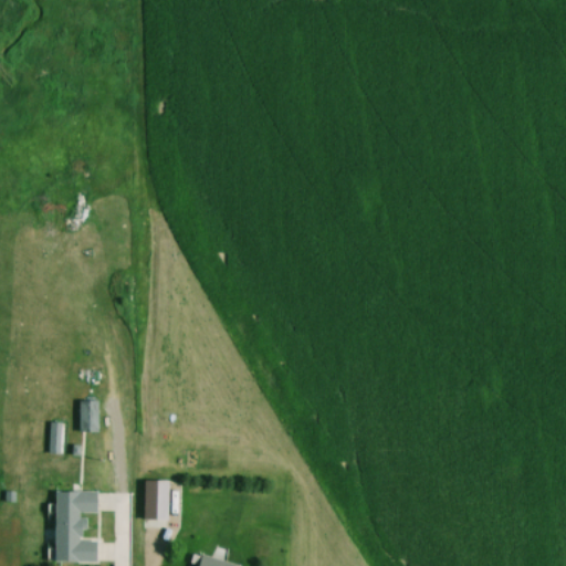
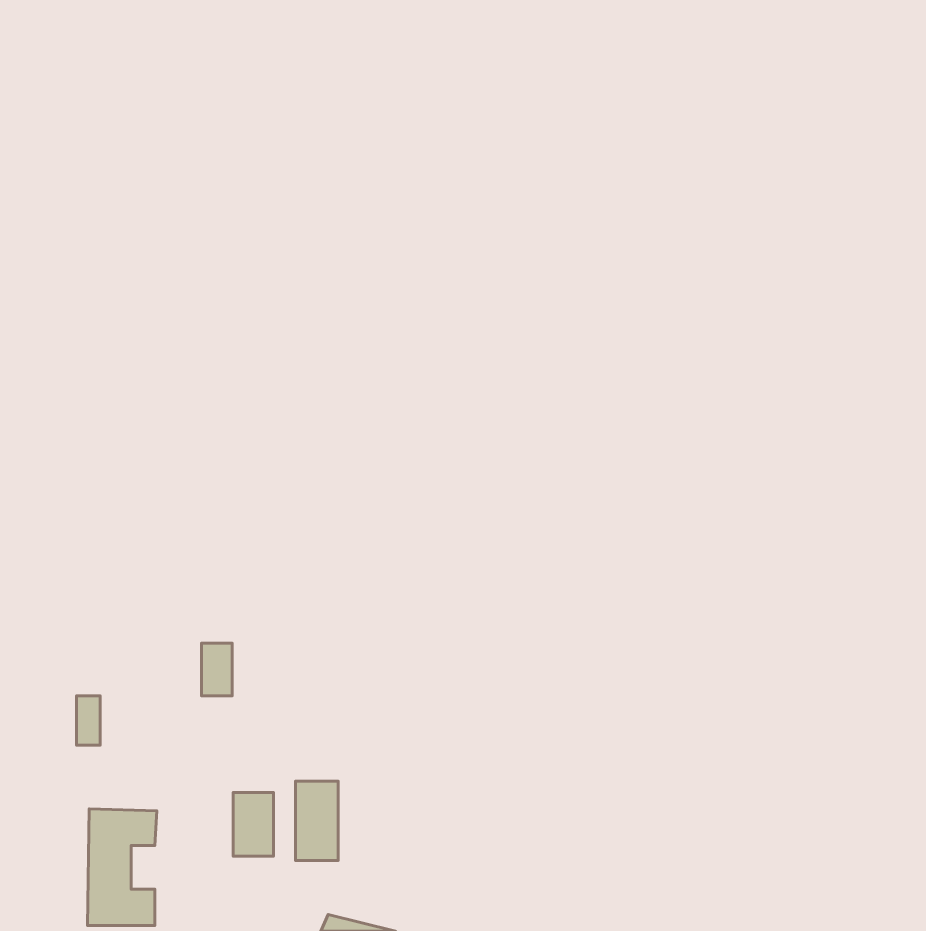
building: [81,399,99,431] -> [201,643,232,696]
building: none -> [296,781,338,861]

